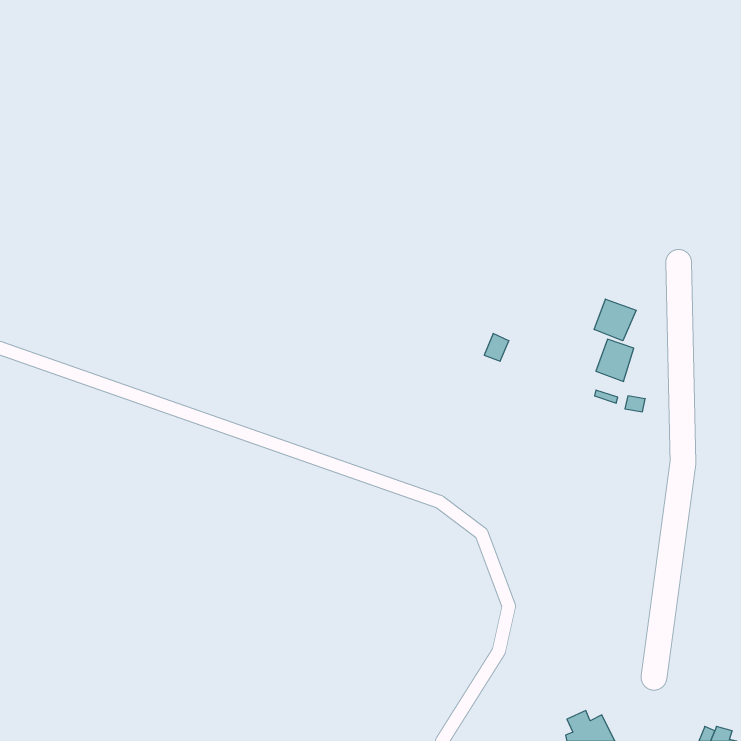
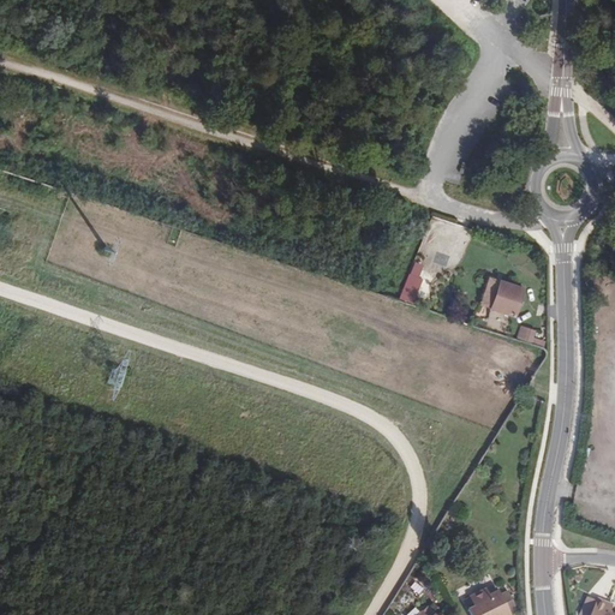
building: [594,299,636,341] -> none

